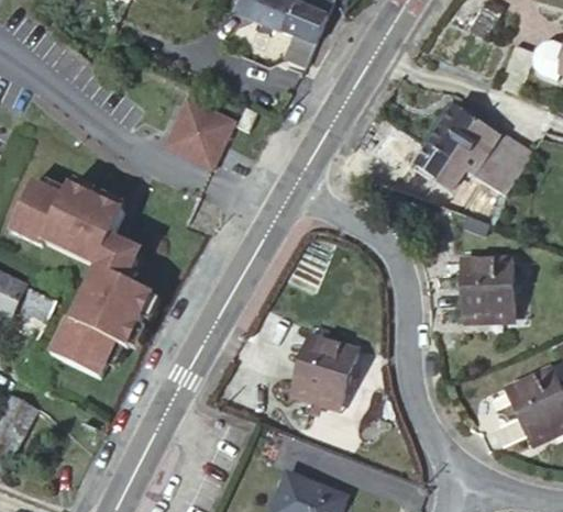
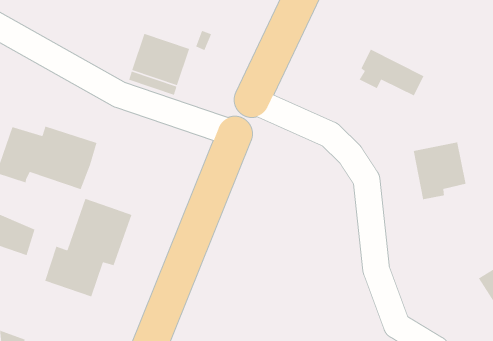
building: [427,103,521,193] -> none
building: [47,235,147,322] -> none
building: [289,330,356,396] -> none

